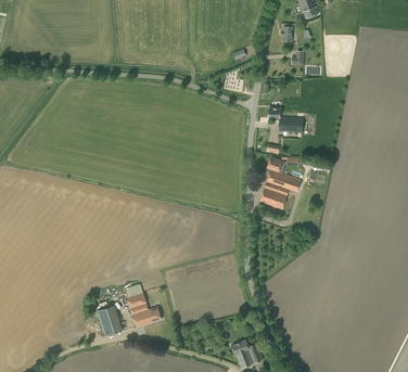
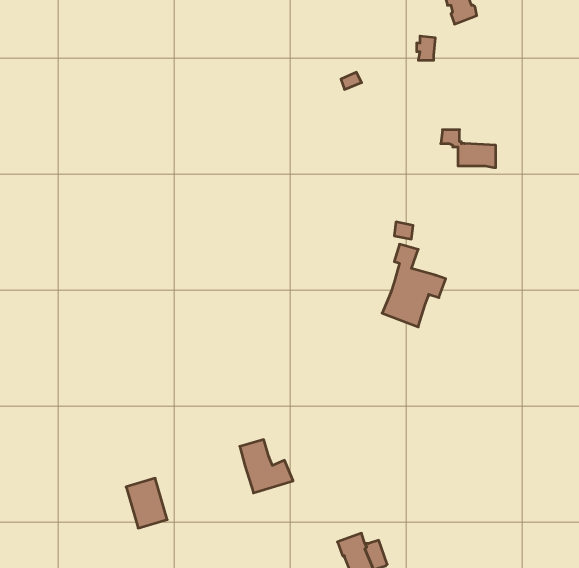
building: [268,108,303,132] -> [441,130,496,168]
building: [128,293,162,326] -> [240,440,293,493]

